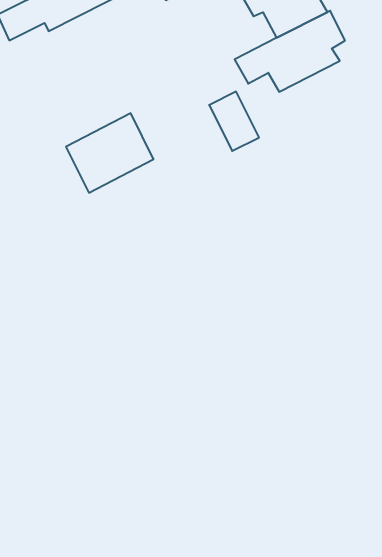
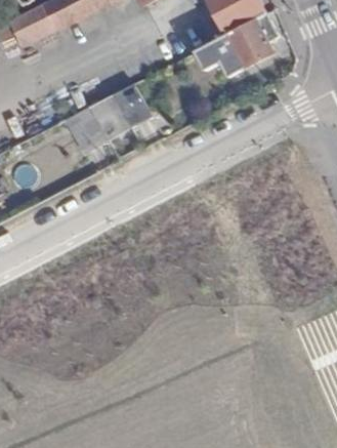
building: [209,92,259,151] -> [114,84,152,129]

